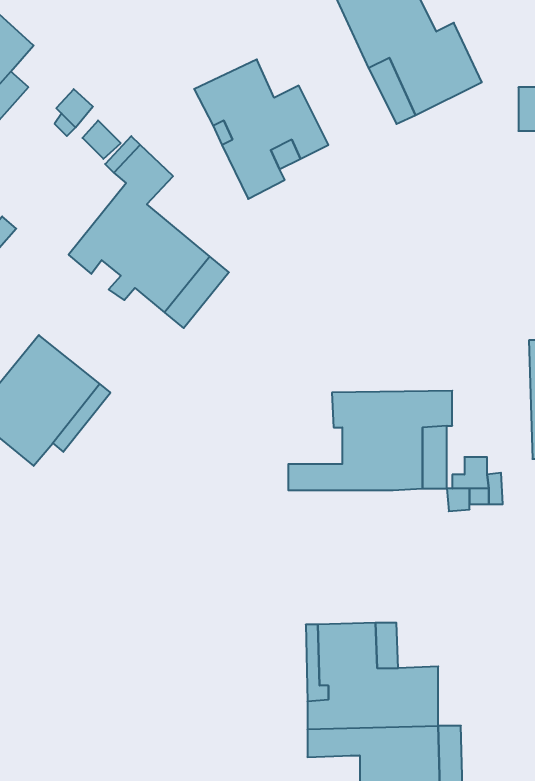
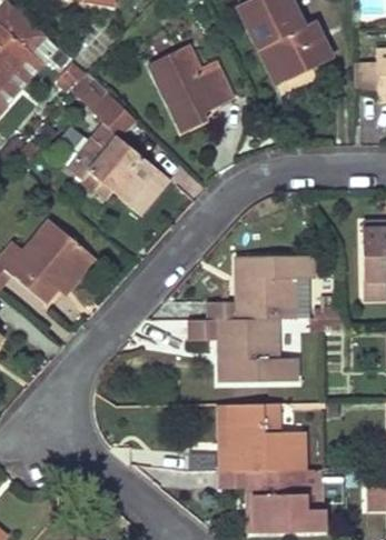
building: none -> [188,319,296,382]

